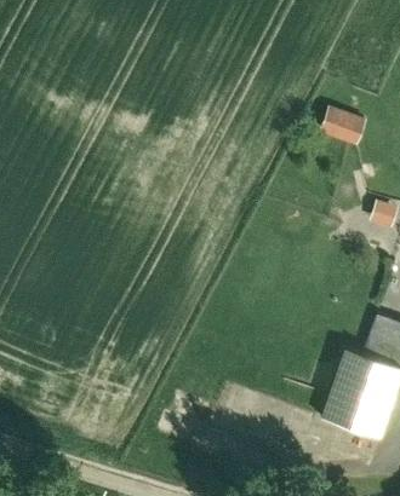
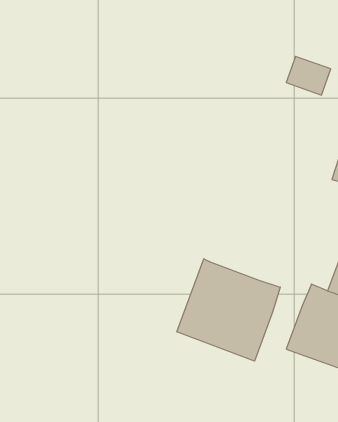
building: none -> [177,259,280,361]

